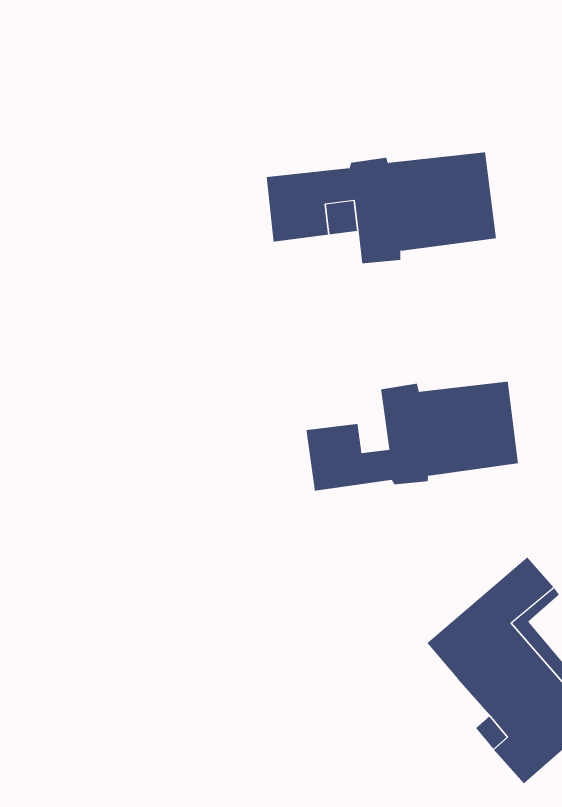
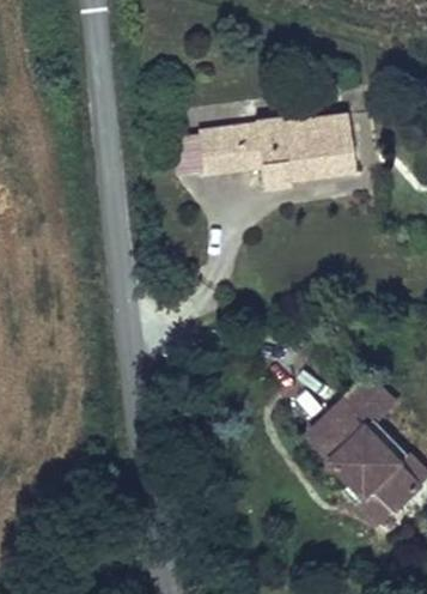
building: [306,381,519,492] -> none

